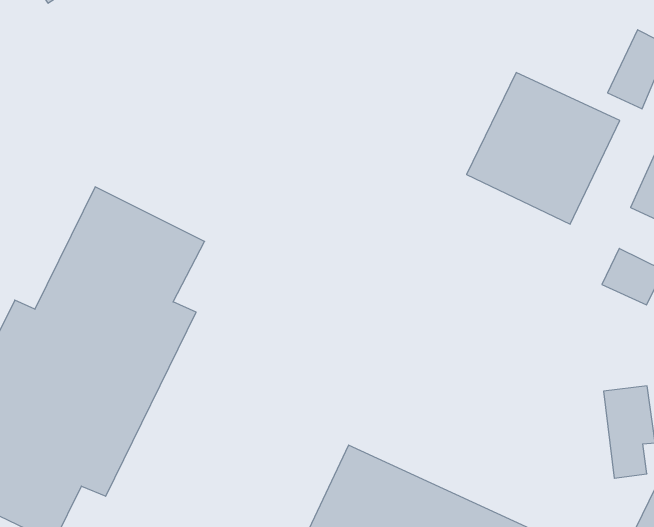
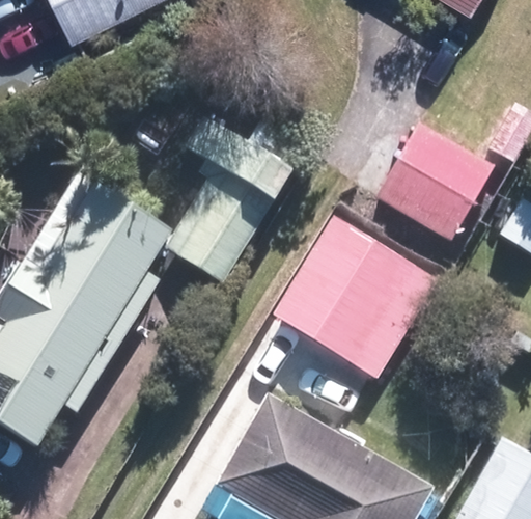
building: none -> [165,113,310,284]
building: none -> [271,215,415,367]

